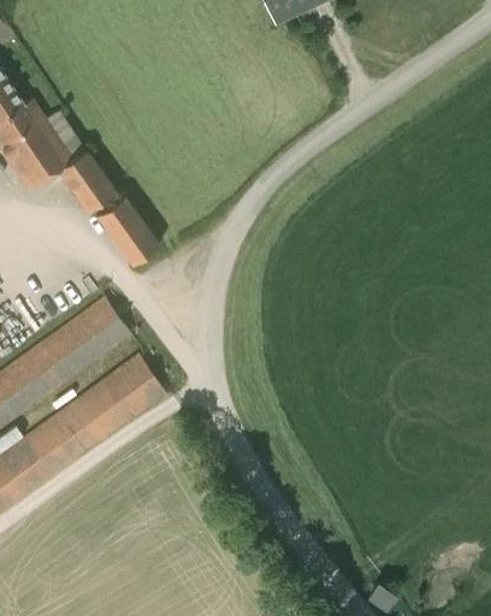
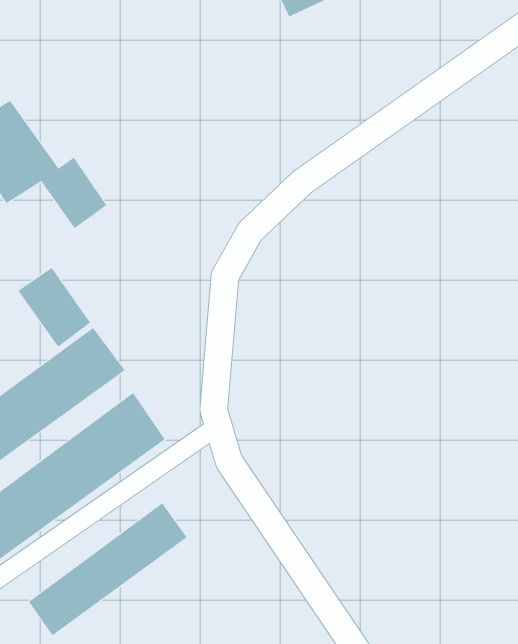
building: [95,195,159,265] -> [18,267,91,347]
building: none -> [28,502,188,636]

